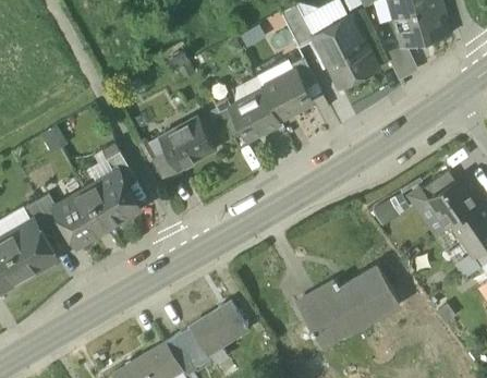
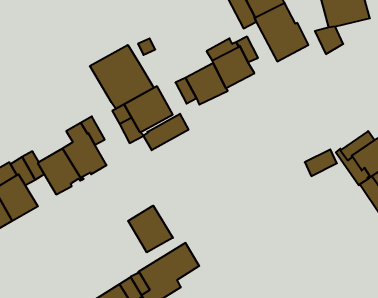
building: none -> [90,45,154,109]
building: none -> [143,114,188,150]
building: none -> [128,206,173,252]
building: [301,266,399,346] -> none

